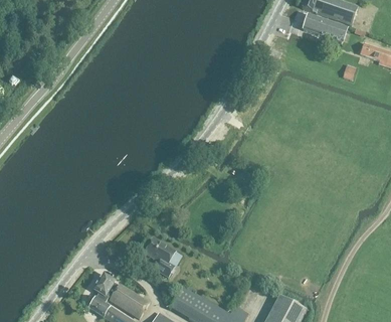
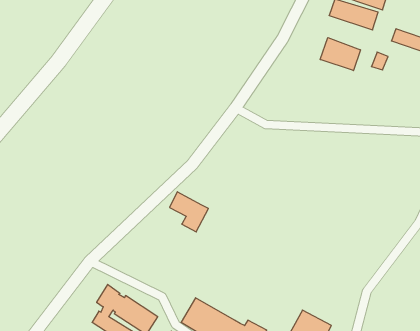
building: none -> [320,38,360,71]
building: [143,239,178,276] -> [170,192,208,232]

